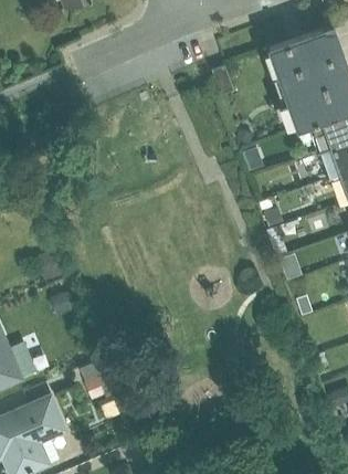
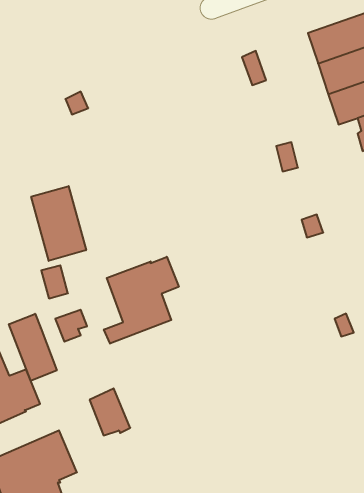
building: none -> [31,186,86,261]
building: none -> [104,257,179,344]
building: none -> [9,314,57,381]

